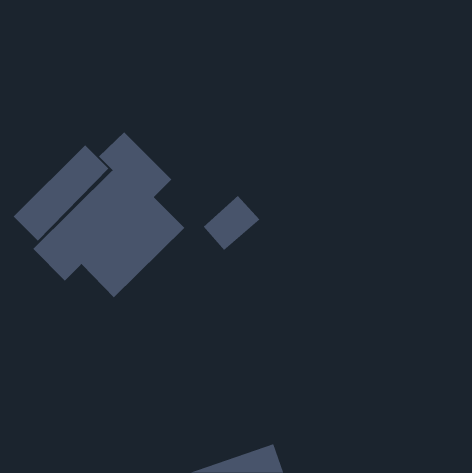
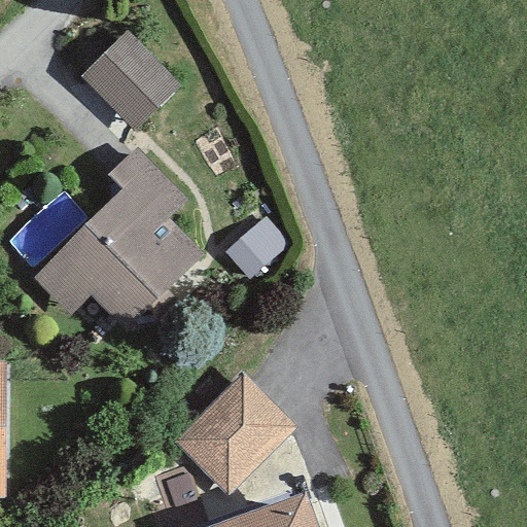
building: none -> [79,29,179,130]
building: none -> [175,373,295,493]

